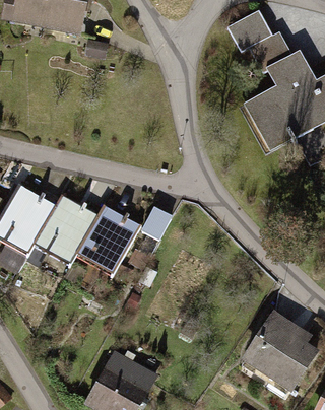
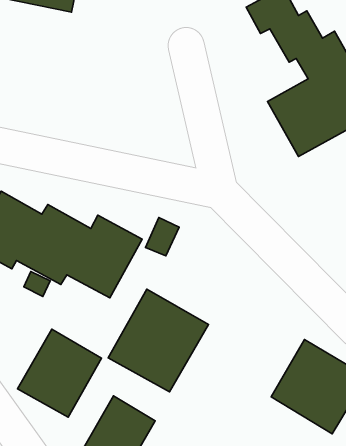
building: none -> [108,289,209,392]
building: none -> [18,329,101,417]

